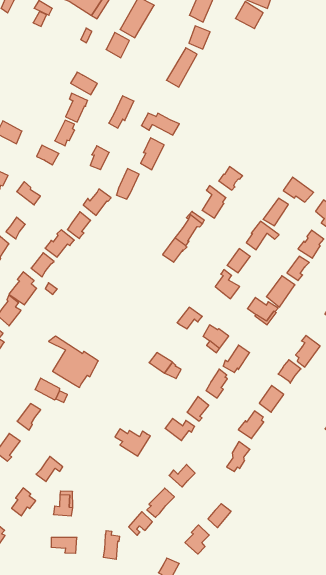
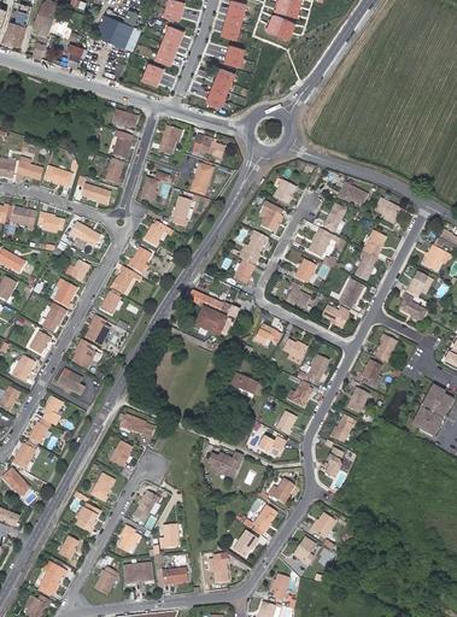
building: [49,336,98,387] -> [186,289,238,336]
building: none -> [121,562,152,583]

